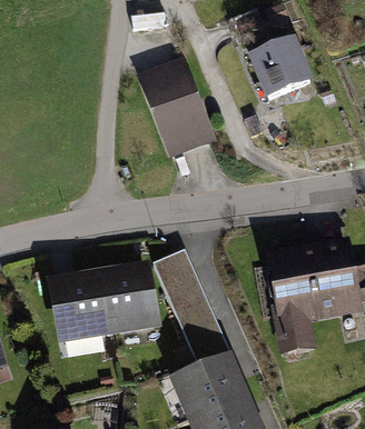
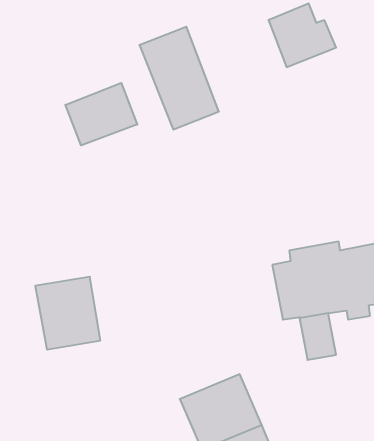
building: none -> [65,83,137,145]
building: [154,249,231,368] -> none
building: [100,268,156,331] -> none

